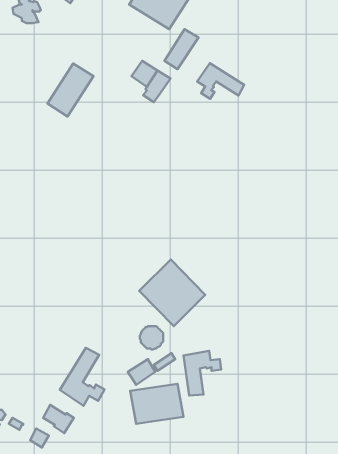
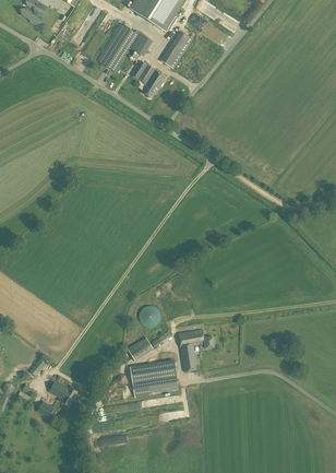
building: [197,63,244,99] -> none
building: [47,63,93,116] -> [96,23,139,72]
building: [139,259,205,326] -> none
building: [60,348,105,406] -> none

